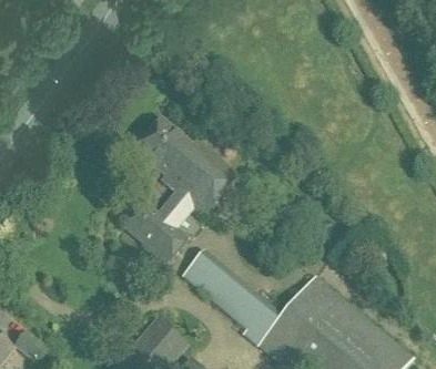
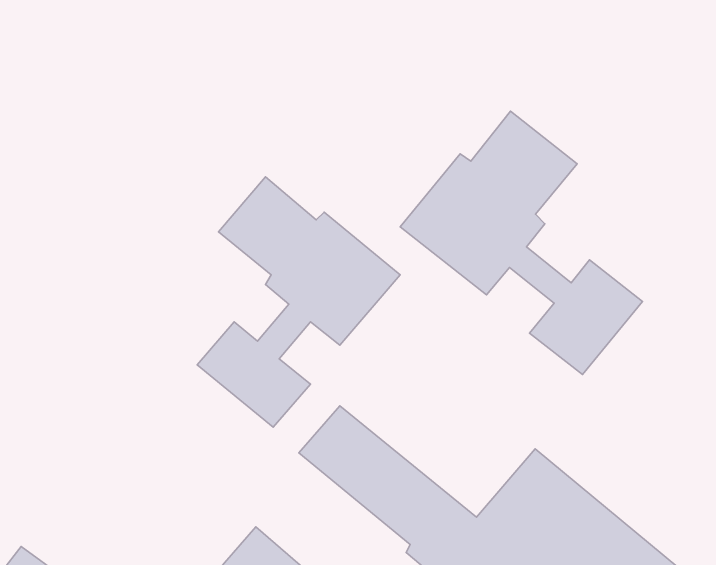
building: none -> [400,111,642,375]

